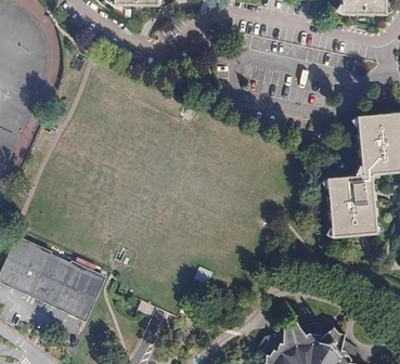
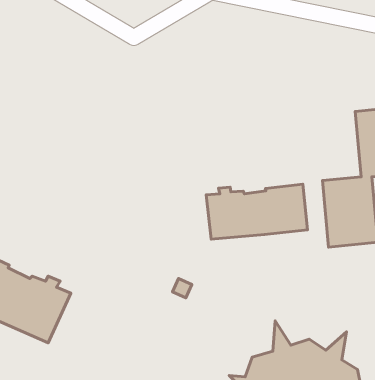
building: none -> [206,184,308,239]

